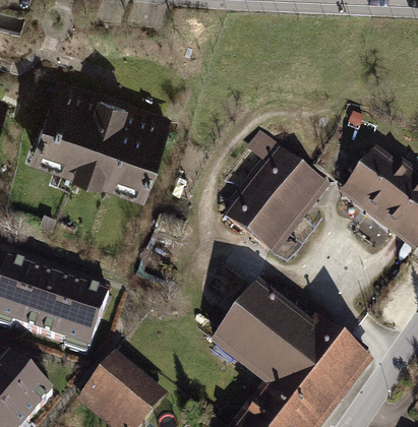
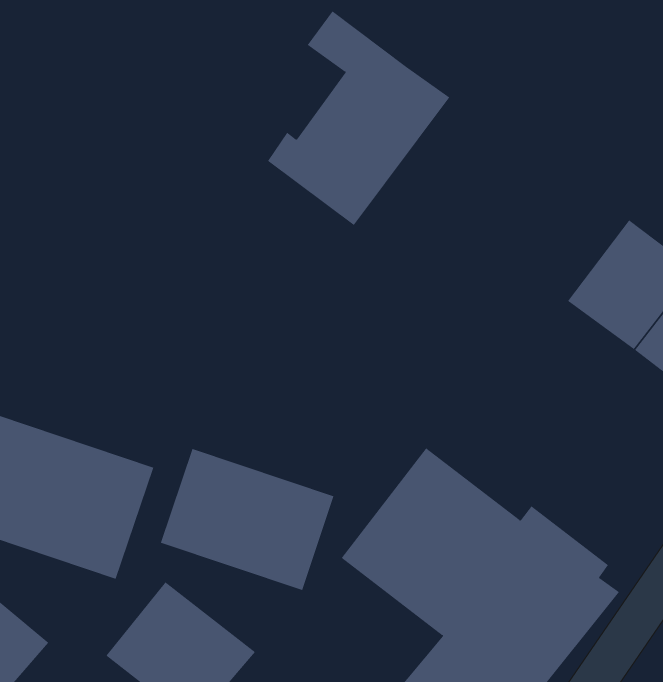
building: [36,82,168,189] -> none
building: [225,131,327,252] -> [267,11,450,226]
building: none -> [160,448,334,591]

